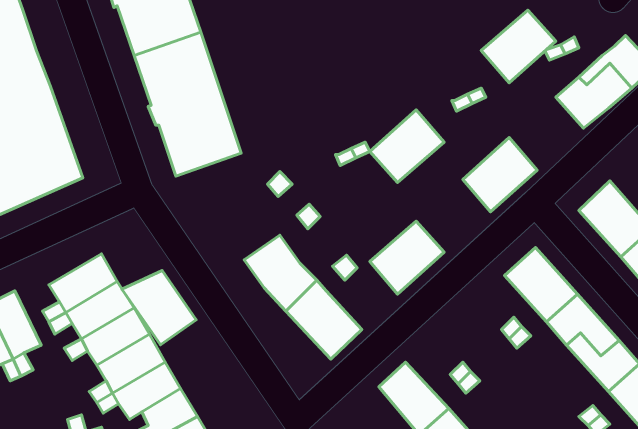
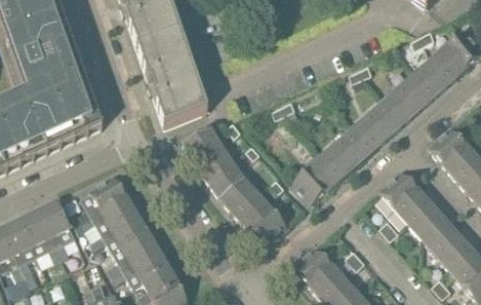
building: [481,10,556,83] -> [385,71,434,119]
building: [370,110,444,183] -> [323,125,372,174]
building: [122,270,196,345] -> [184,129,233,179]

